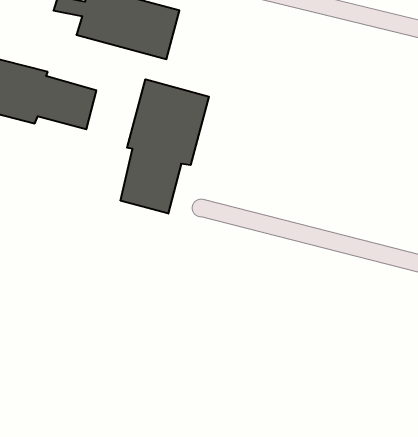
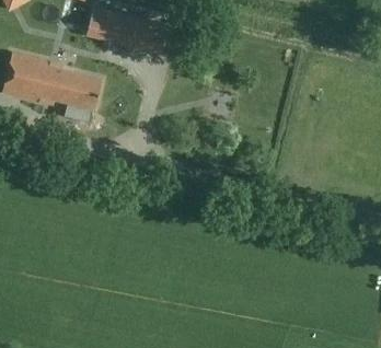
building: [121,79,209,214] -> none

